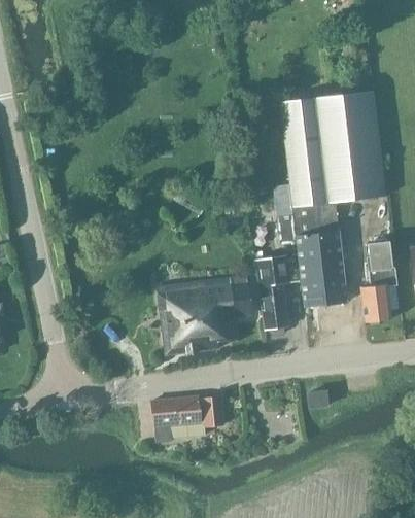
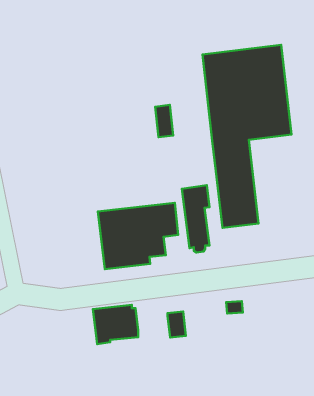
building: [275,203,297,241] -> [155,105,173,137]
building: [361,241,396,324] -> none
building: [202,395,223,426] -> [167,311,186,338]

